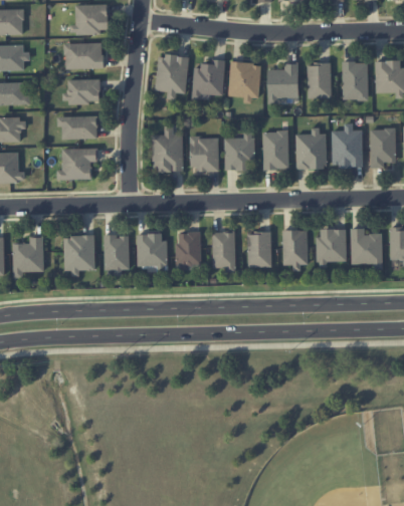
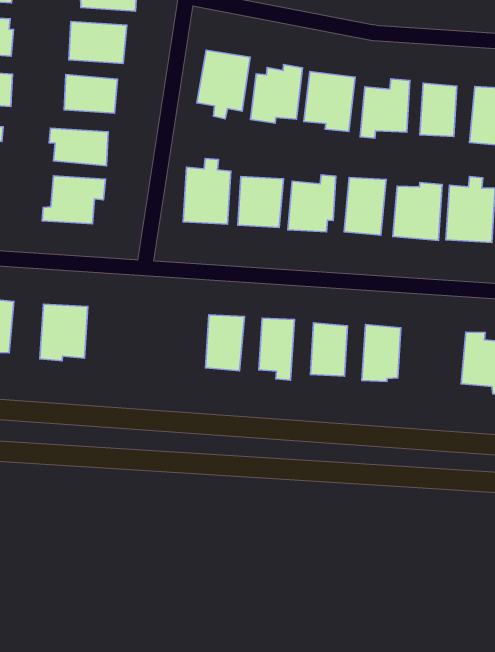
building: [317,229,346,268] -> none
building: [136,233,168,271] -> none
building: [104,234,130,275] -> none

